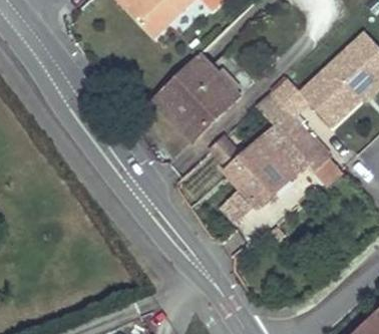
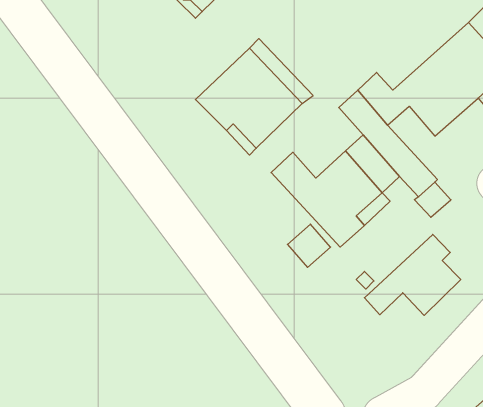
building: none -> [364,234,461,315]

